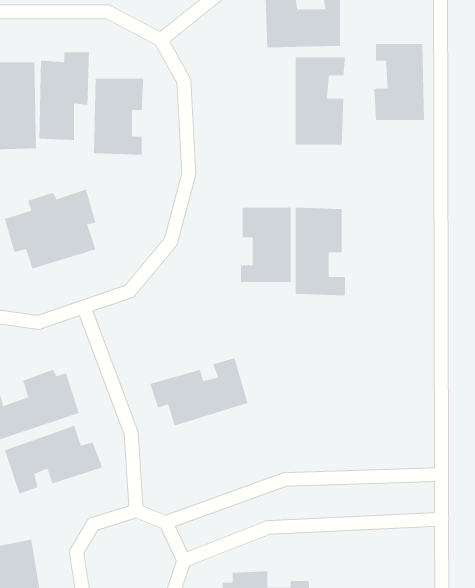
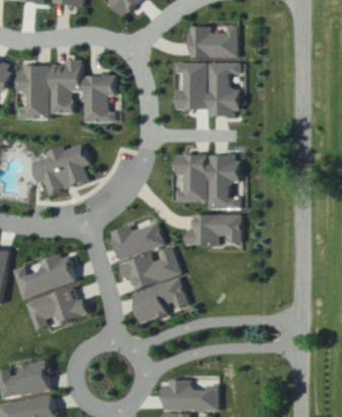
building: [373,43,425,121] -> [175,62,206,110]
building: none -> [186,214,240,245]
building: none -> [110,222,163,259]
building: none -> [132,278,188,323]

